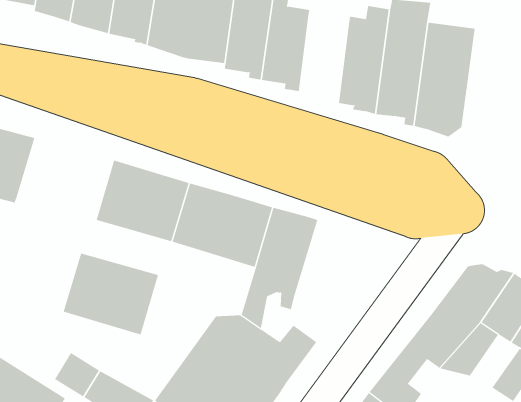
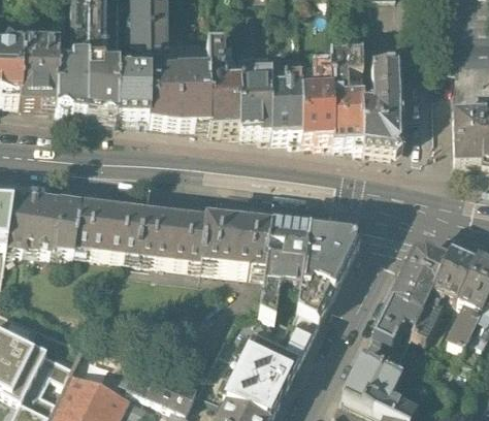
building: none -> [271,71,304,135]
building: none -> [294,227,356,321]
building: [63,253,159,335] -> [70,199,139,255]

